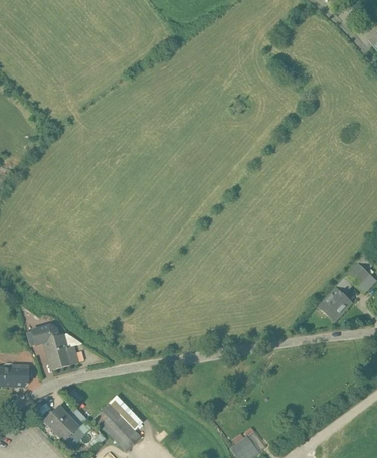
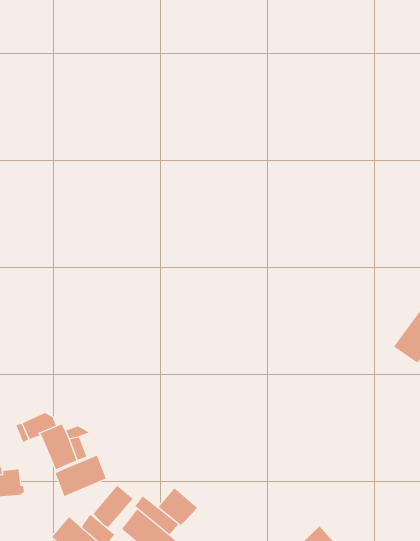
building: none -> [55,455,107,497]
building: none -> [93,485,133,528]
building: none -> [158,488,197,526]

